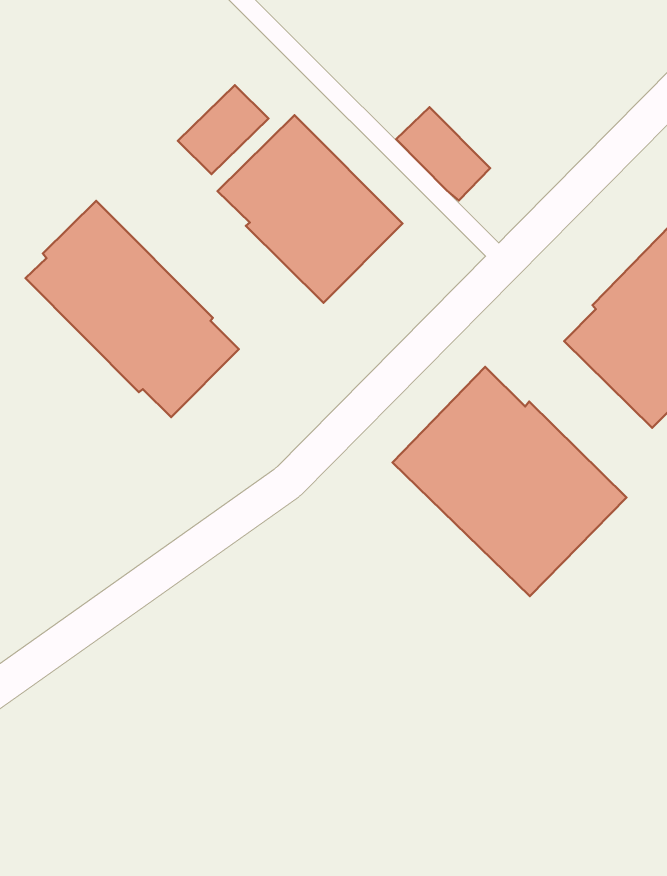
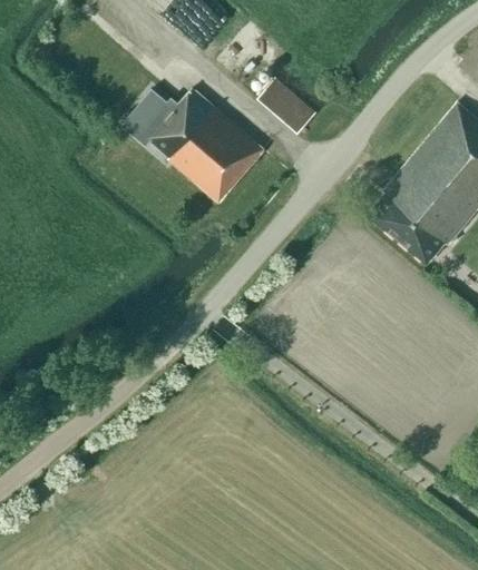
building: [26,201,239,417] -> none
building: [392,367,626,596] -> none

